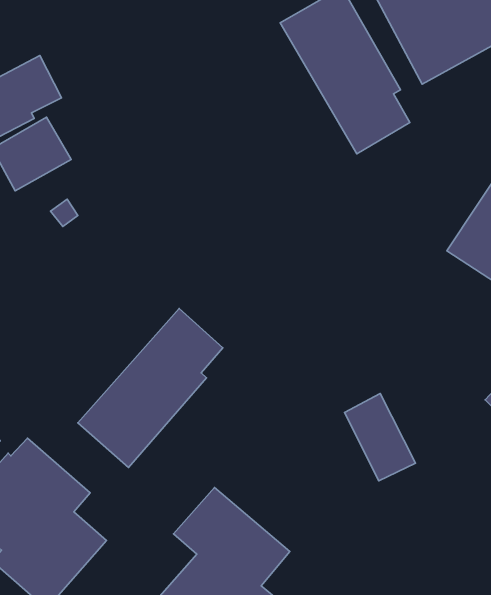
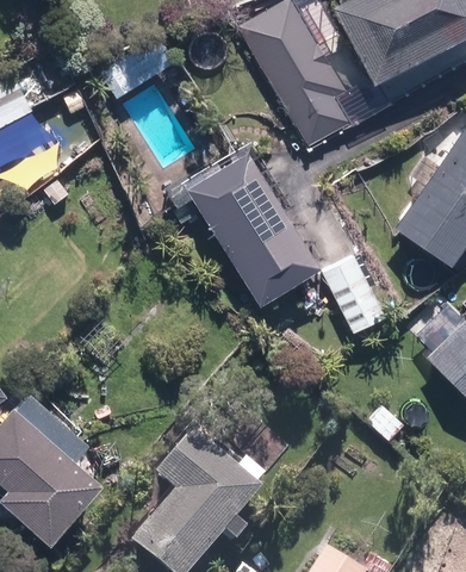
building: none -> [187,153,318,304]
building: [78,309,223,467] -> none
building: [345,393,416,481] -> [325,259,387,335]

